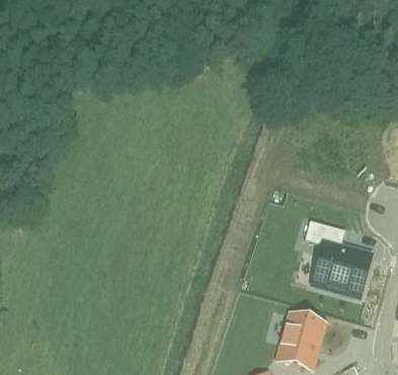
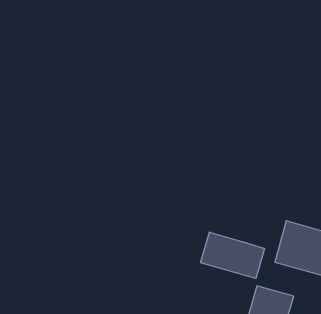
building: none -> [201,232,264,278]

